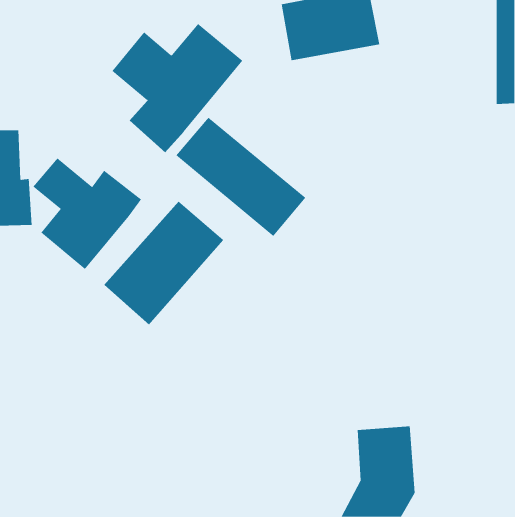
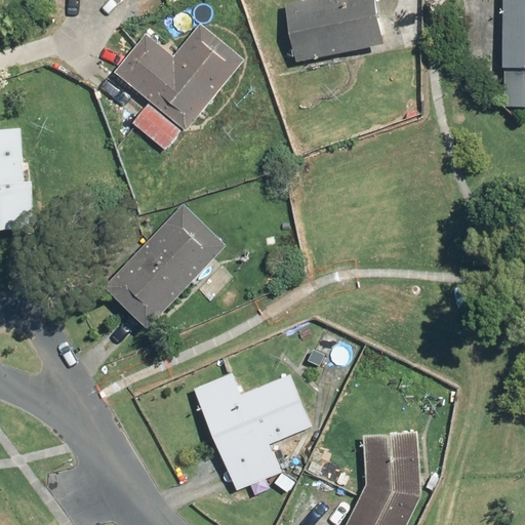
building: [175,117,306,237] -> none
building: [33,157,142,270] -> none
building: none -> [193,373,313,490]

